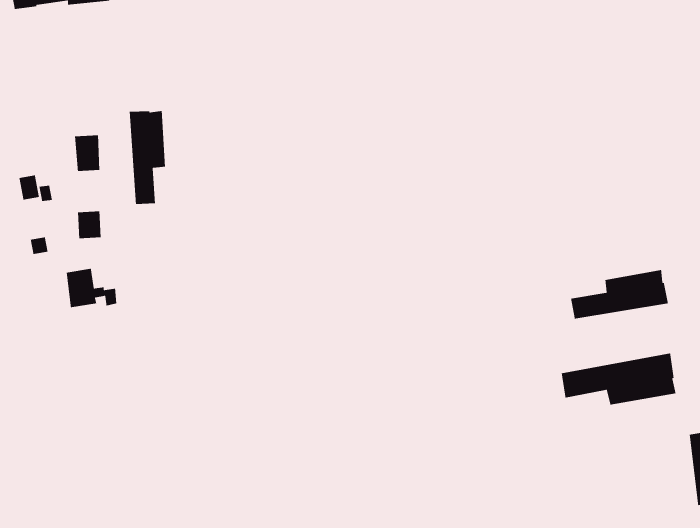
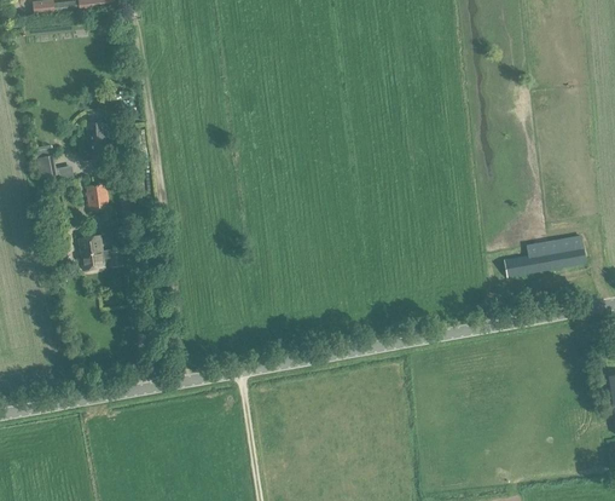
building: [129,110,166,205] -> none
building: [561,353,677,405] -> none

